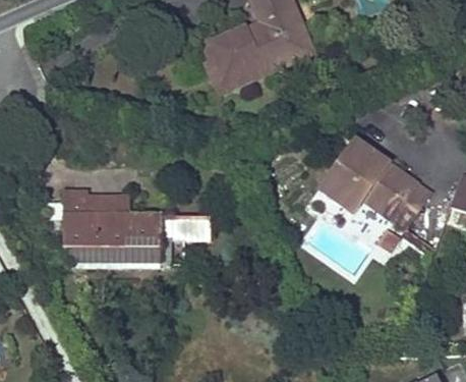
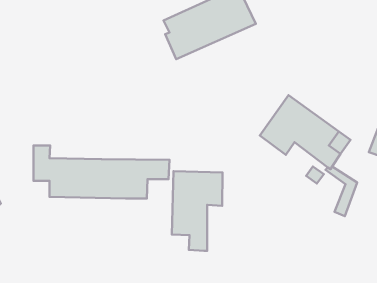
building: [64,186,128,215] -> none
building: none -> [172,171,222,251]

